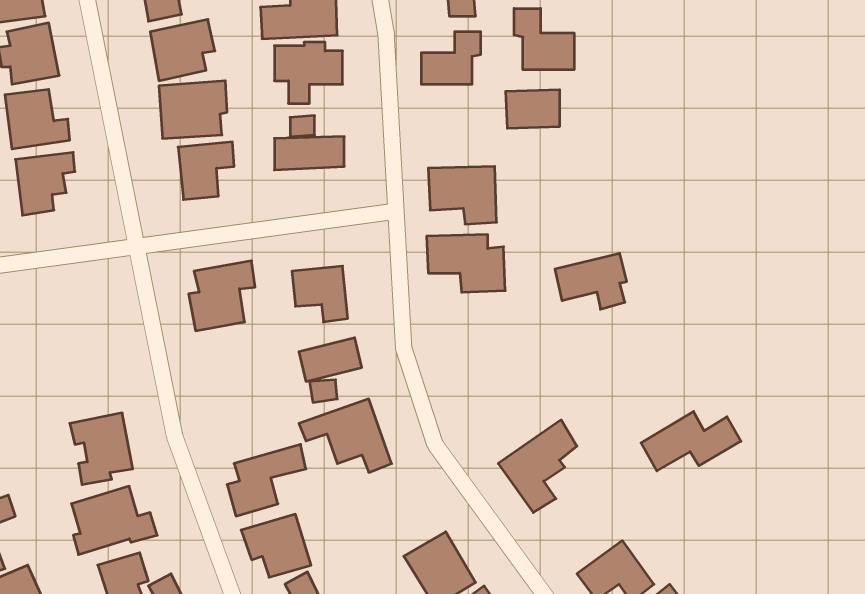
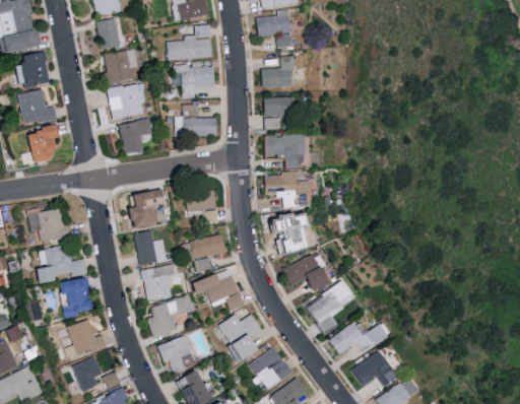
building: [514,8,574,70] -> none
building: [506,90,560,128] -> [262,96,294,119]
building: [555,253,627,309] -> [268,216,310,249]
building: none -> [25,207,68,242]
building: none -> [133,230,168,266]
building: none -> [32,246,85,283]
building: none -> [281,254,326,291]
building: none -> [141,264,176,300]
building: [641,411,741,471] -> [327,321,385,355]
building: none -> [217,315,260,360]

